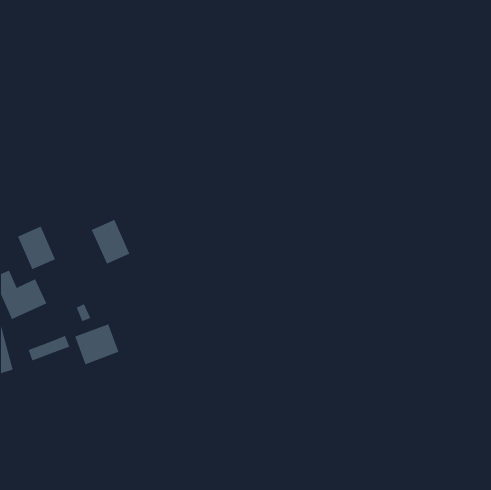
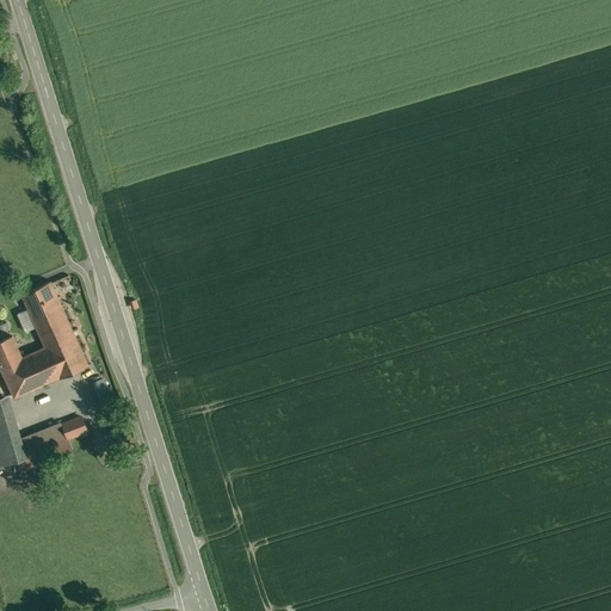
building: [91,219,130,264] -> [39,323,88,379]
building: [75,323,119,365] -> none

